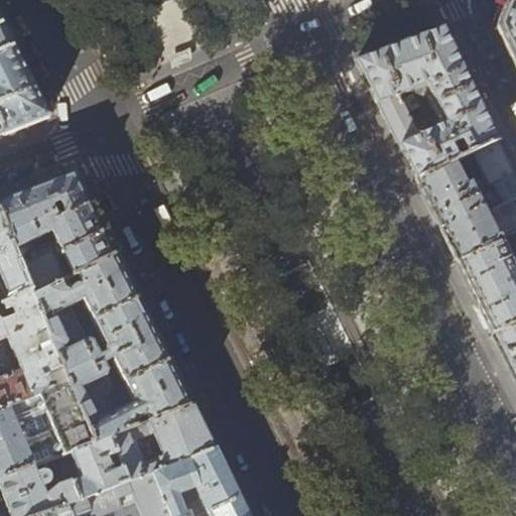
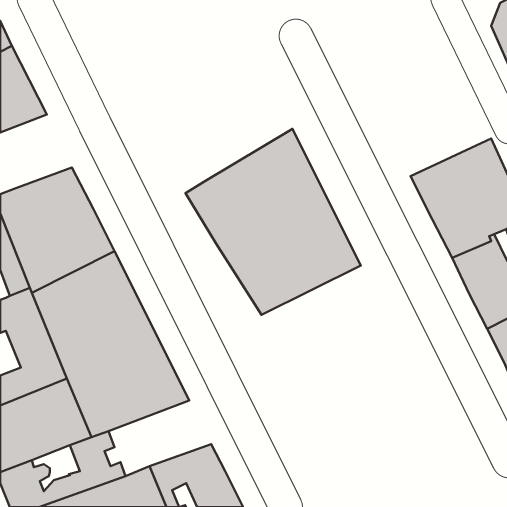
building: [358,27,499,178] -> none
building: none -> [186,129,361,315]
building: [112,405,216,482] -> none

